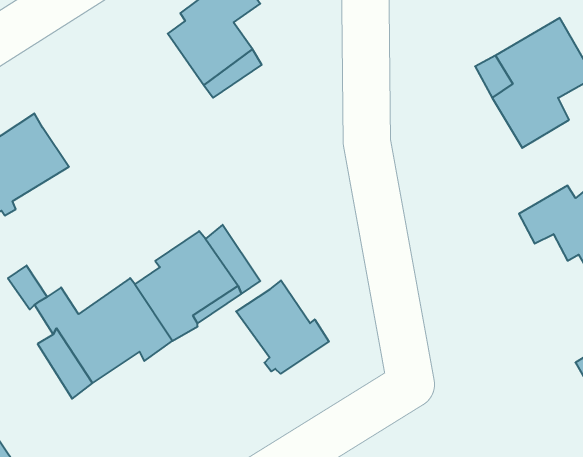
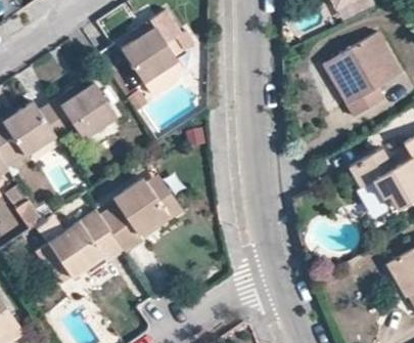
building: none -> [40,81,118,139]
building: [236,280,329,374] -> none

